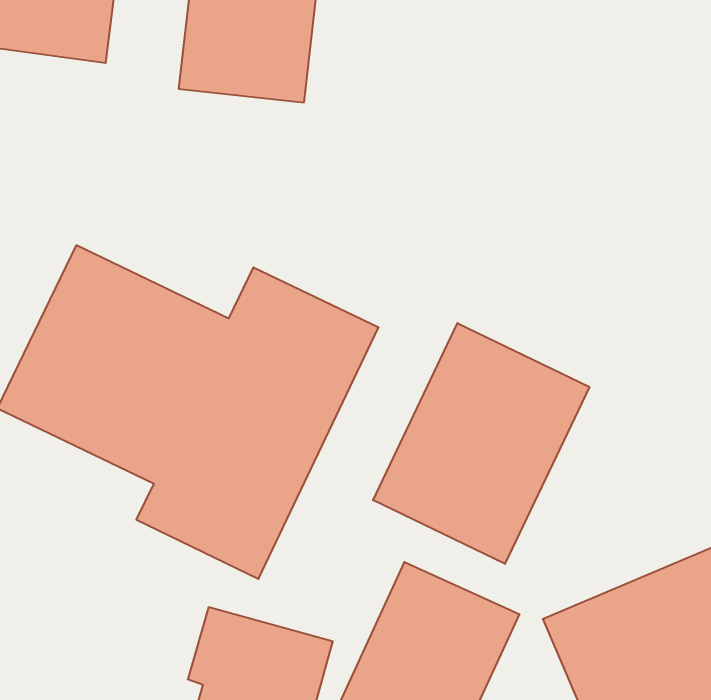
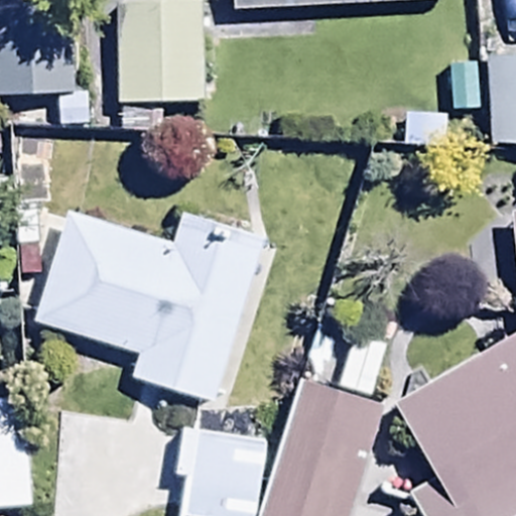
building: [373,323,589,564] -> none

